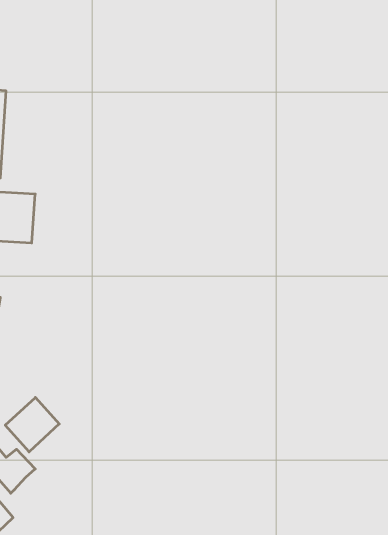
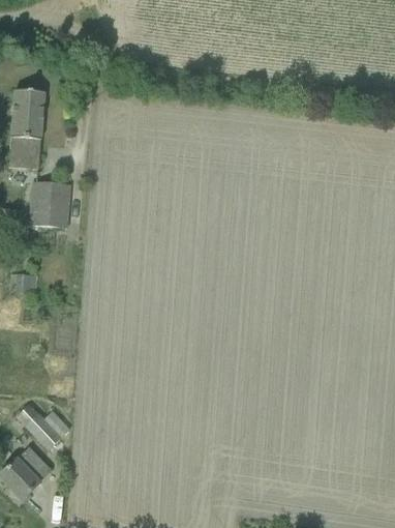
building: [5,397,59,452] -> none

